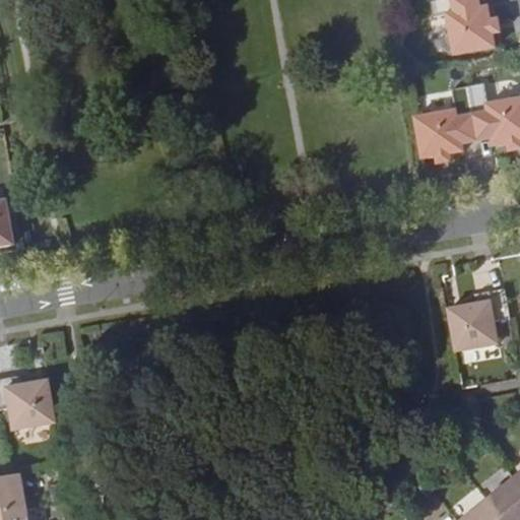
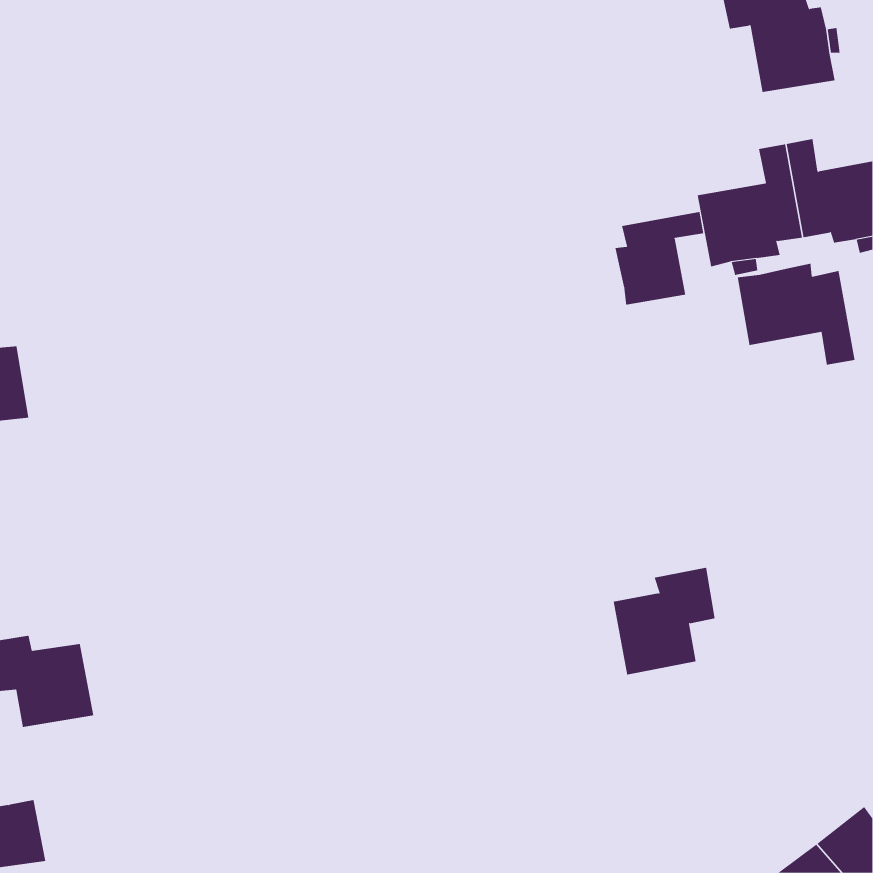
building: none -> [615,211,704,305]
building: none -> [737,263,855,365]
building: [447,288,508,352] -> [613,567,715,675]

